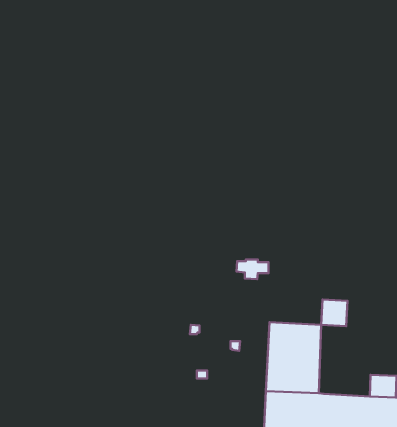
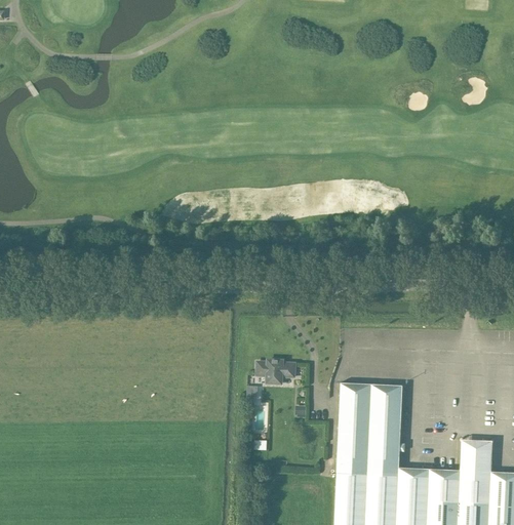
building: [236,259,268,279] -> [256,361,294,385]
building: [321,299,347,326] -> none

